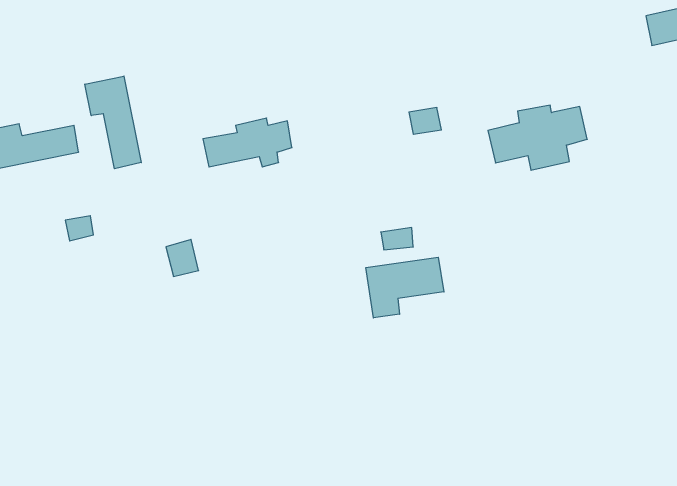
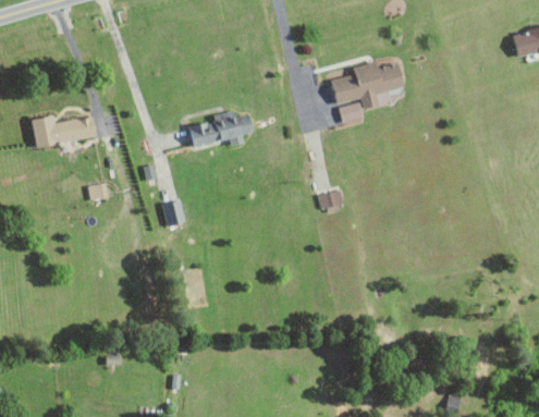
building: [85,76,141,169] -> none
building: [488,105,587,170] -> [331,62,404,110]
building: [366,257,444,318] -> none

